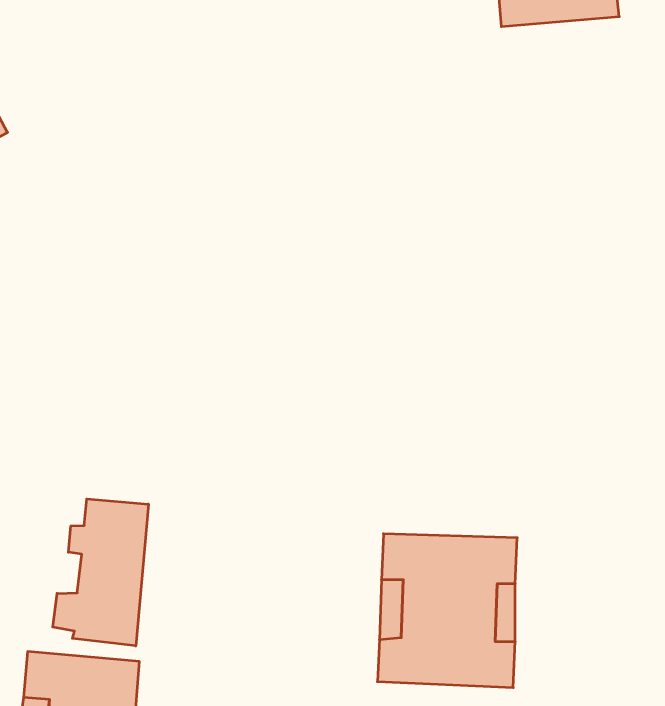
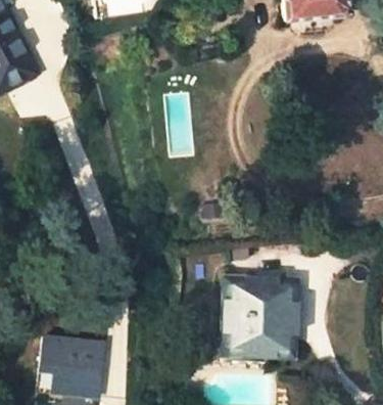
building: [53,499,148,646] -> none

